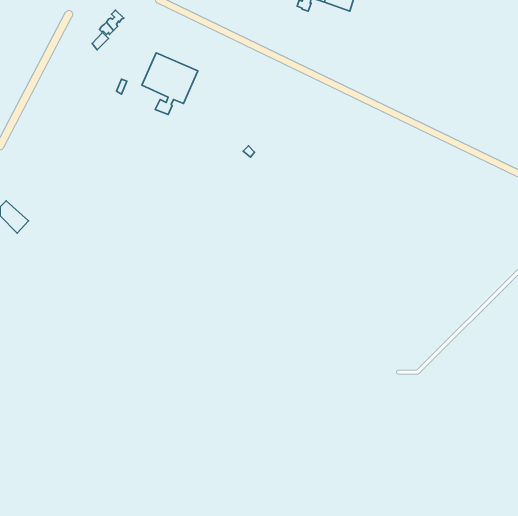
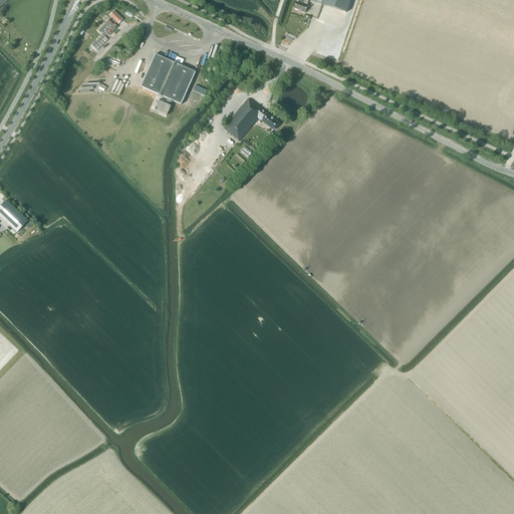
building: none -> [224,97,279,140]

